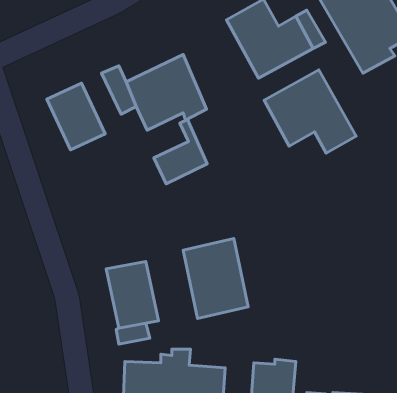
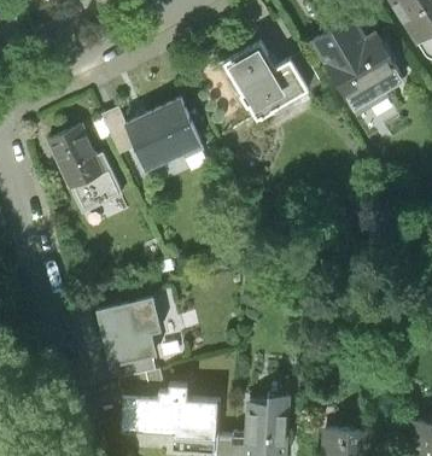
building: [264,70,356,153] -> none
building: [154,119,207,184] -> [70,153,122,216]
building: [183,239,248,318] -> none

